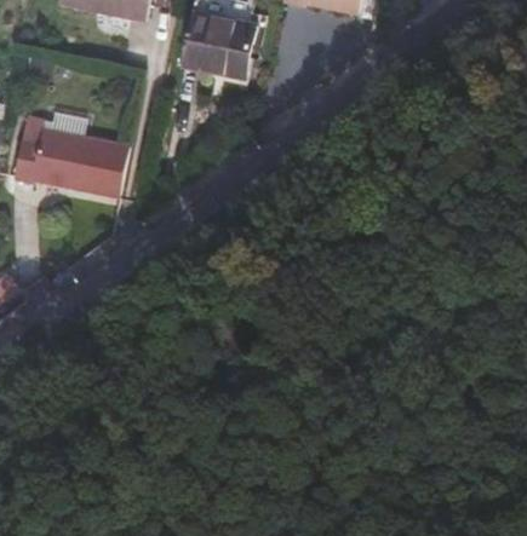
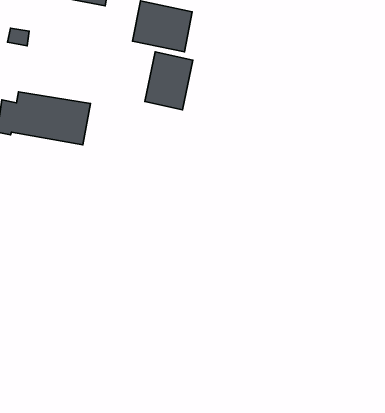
building: none -> [145,52,193,110]

